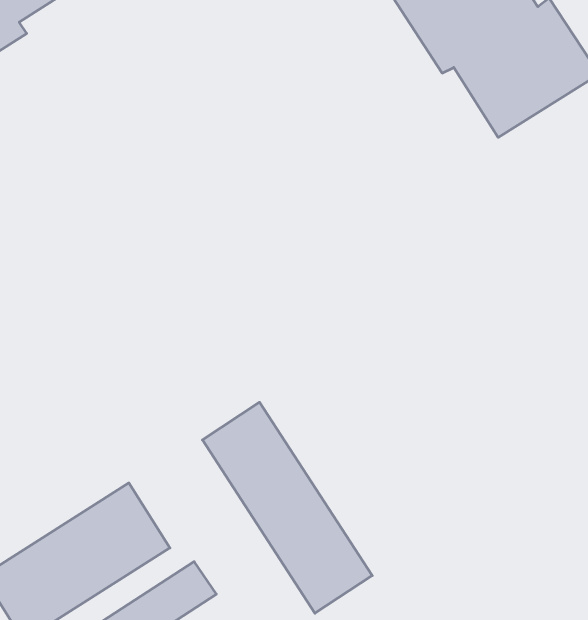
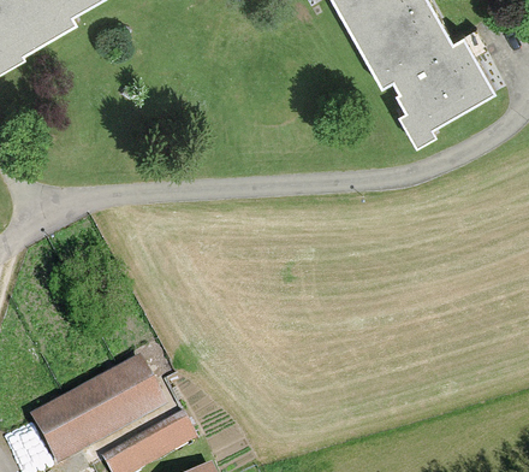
building: [202,402,372,613] -> none

